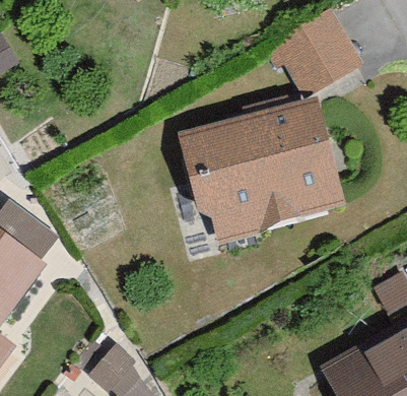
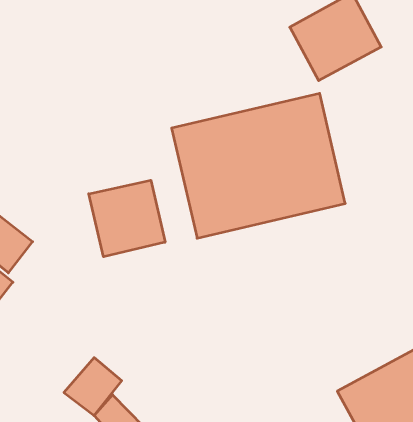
building: none -> [89,180,165,257]

